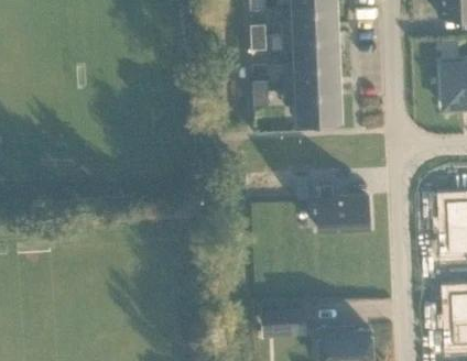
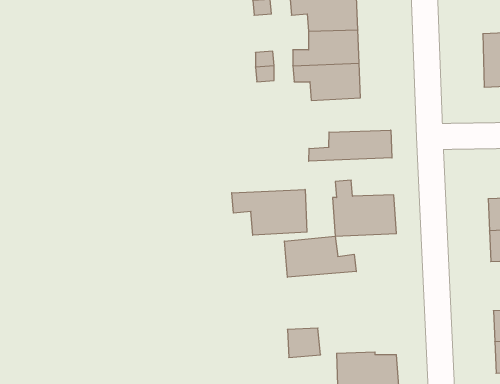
building: none -> [309,130,392,161]
building: none -> [232,189,307,235]
building: none -> [284,236,356,277]

